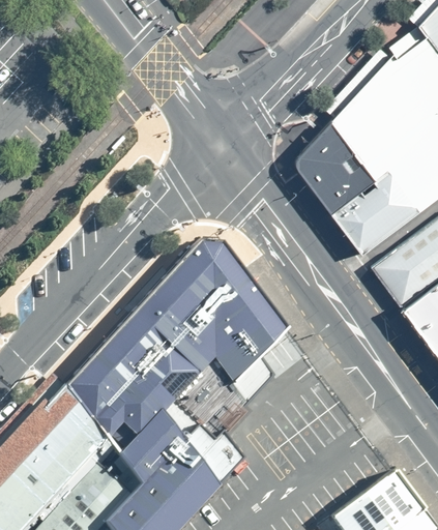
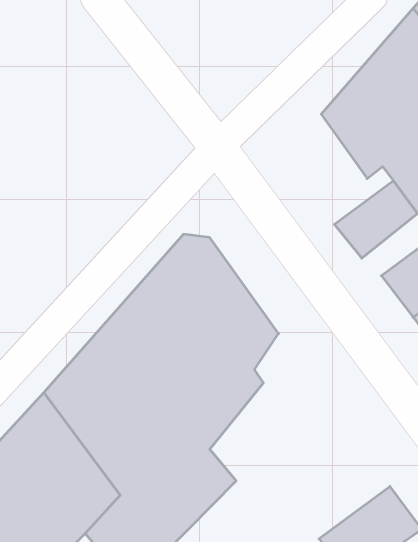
building: [296,121,392,226] -> none

